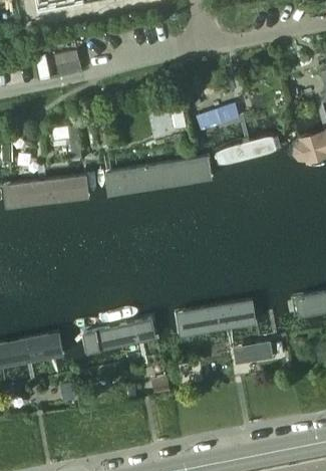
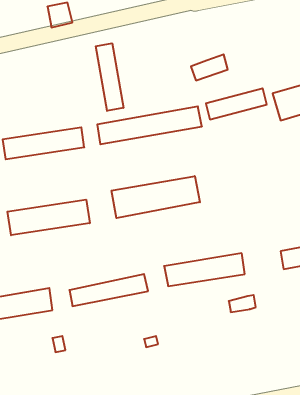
building: none -> [96,43,123,111]
building: none -> [112,176,200,218]
building: none -> [7,200,90,235]

